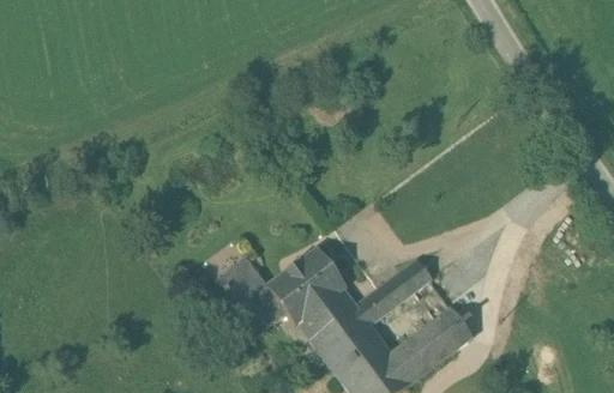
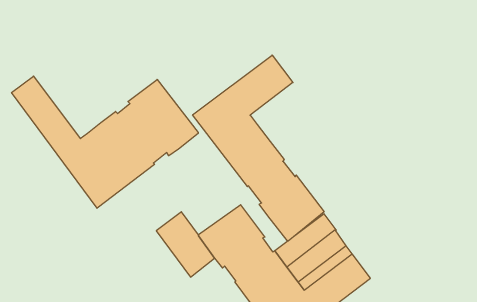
building: none -> [193,55,324,241]
building: none -> [12,76,198,208]

